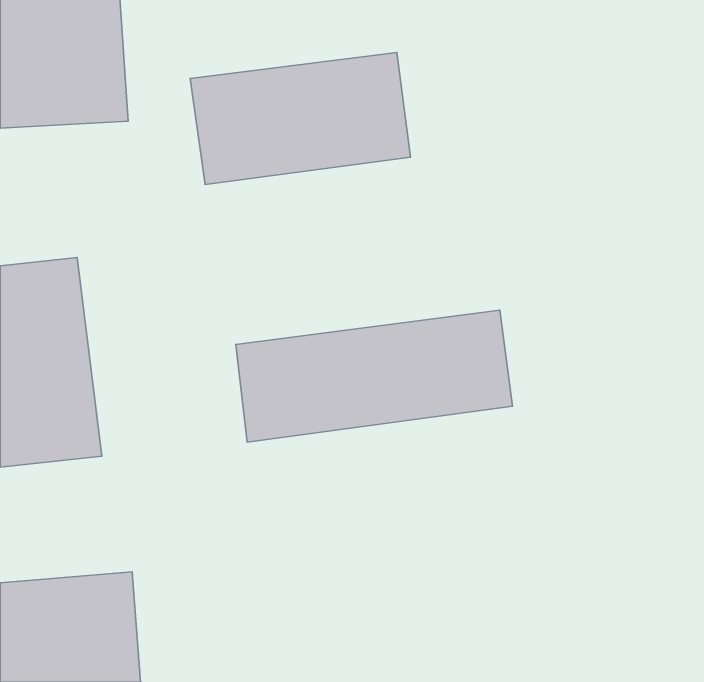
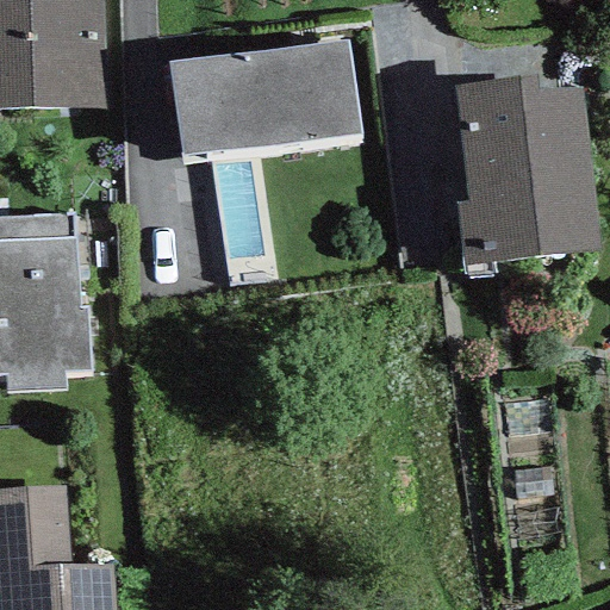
building: none -> [454,64,597,241]
building: [236,310,513,442] -> none

